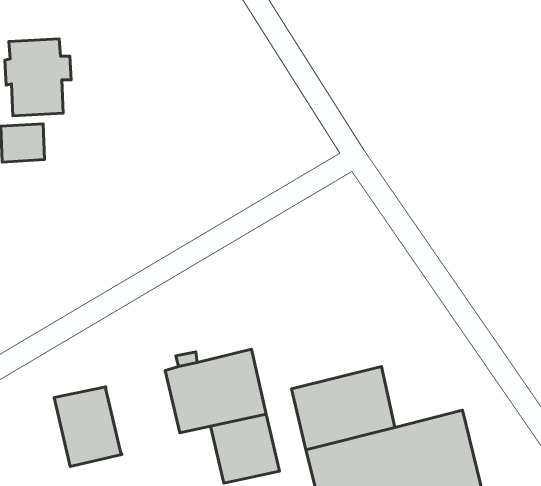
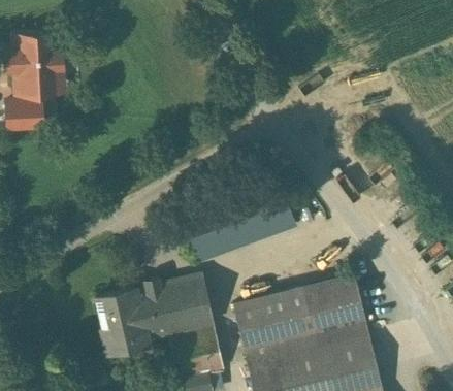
building: none -> [182,178,295,261]
building: none -> [303,278,366,337]
building: [54,387,122,466] -> [95,291,148,353]

